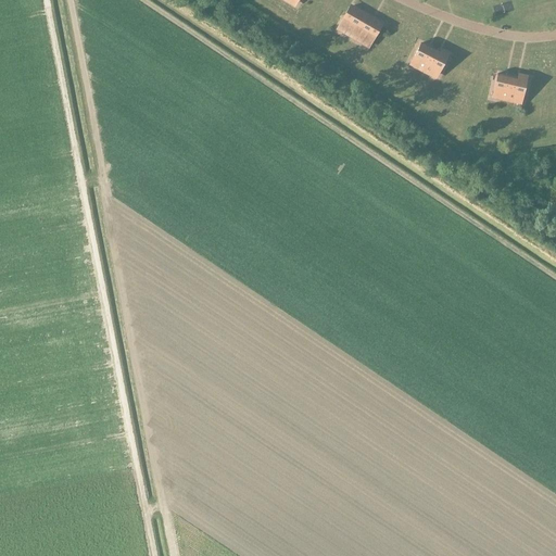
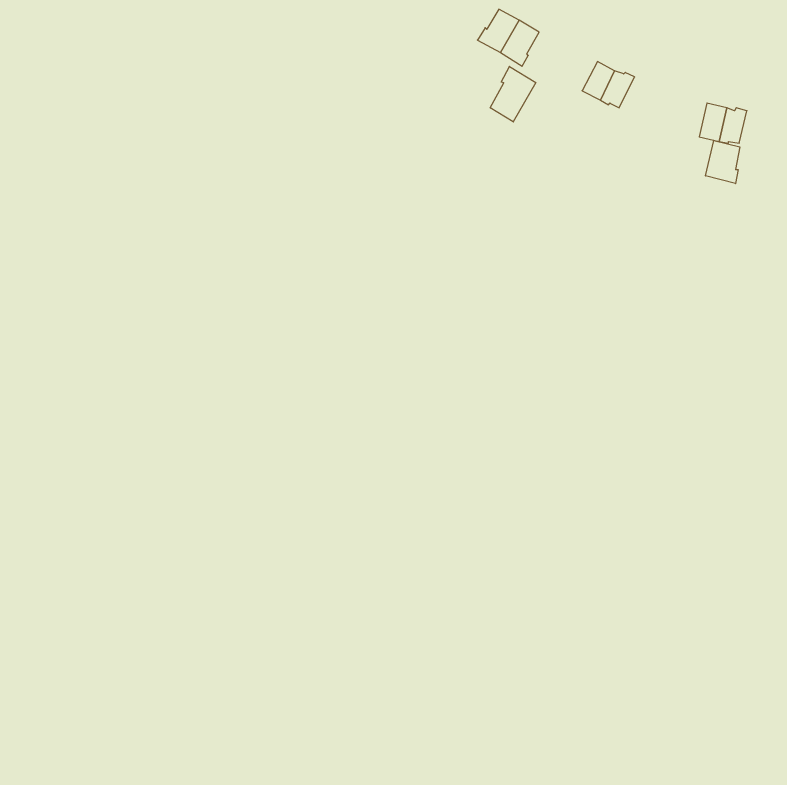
building: none -> [490,66,536,122]
building: none -> [706,140,740,184]

